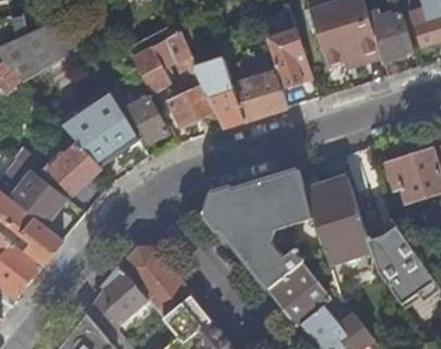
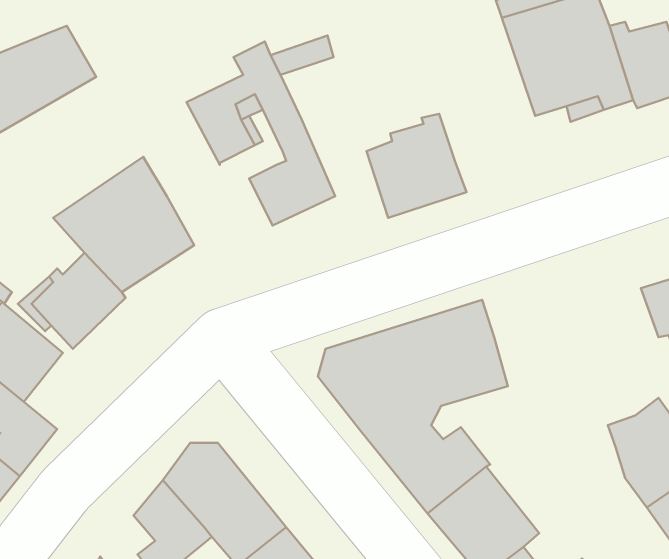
building: [266,30,312,91] -> none
building: [198,60,245,129] -> none
building: [123,97,167,144] -> none
building: [304,175,371,263] -> none

